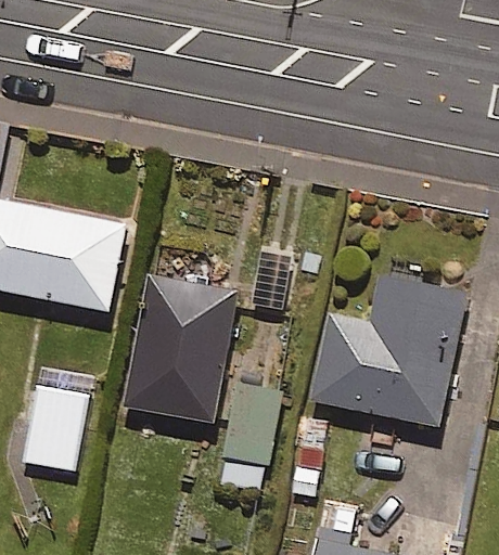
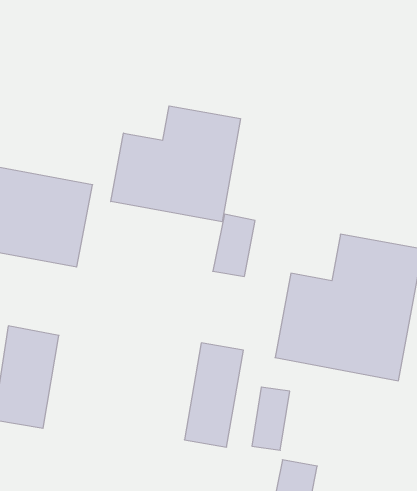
building: none -> [111,106,240,222]
building: [124,276,238,423] -> none

